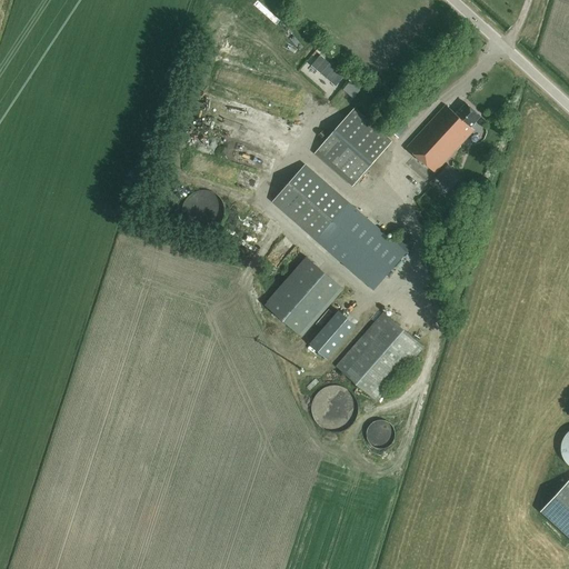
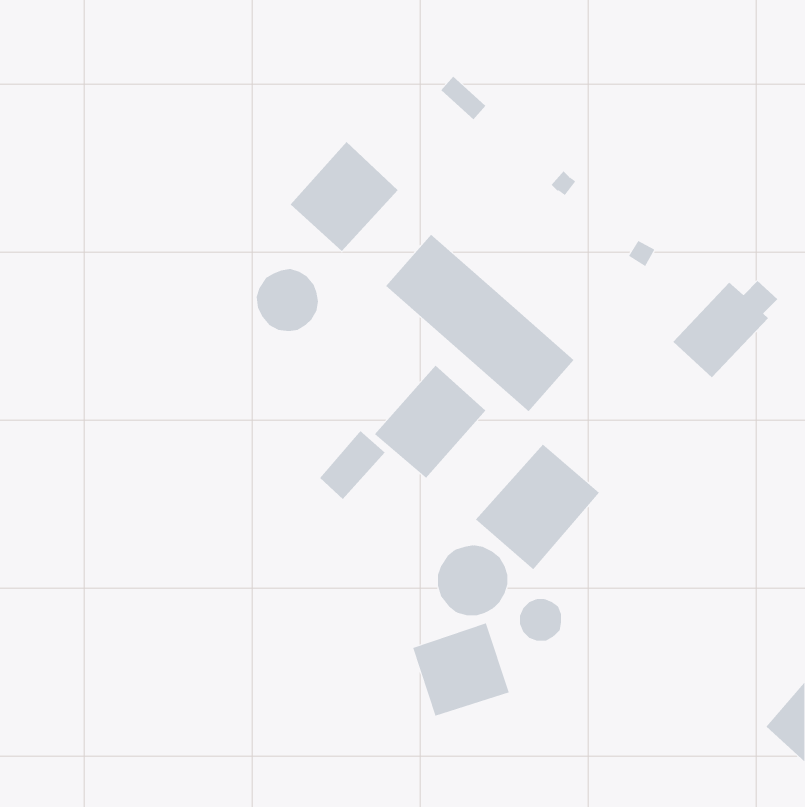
building: [405,103,479,172] -> [672,280,778,378]
building: [313,107,390,184] -> [290,141,399,252]
building: [308,310,355,359] -> [319,430,385,500]
building: none -> [413,622,510,716]

